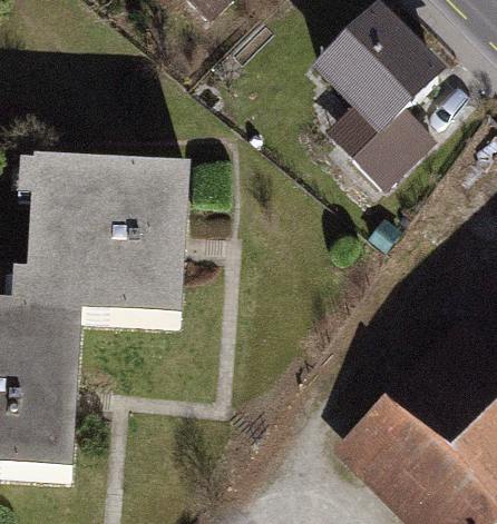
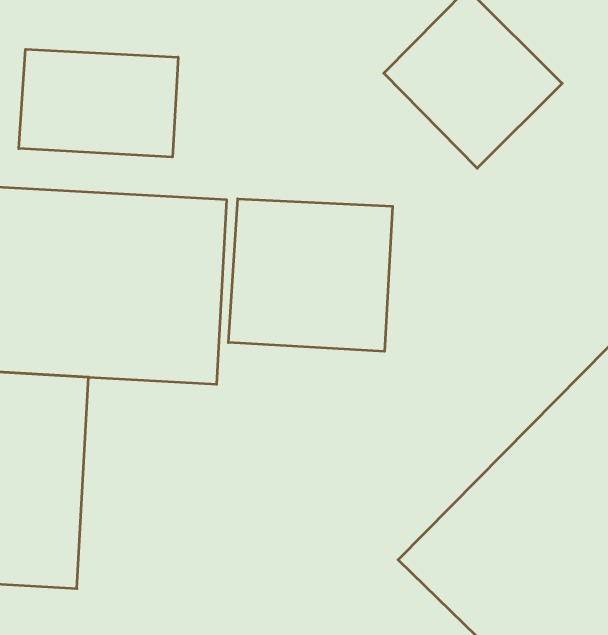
building: none -> [19,49,178,157]
building: none -> [228,199,393,351]

